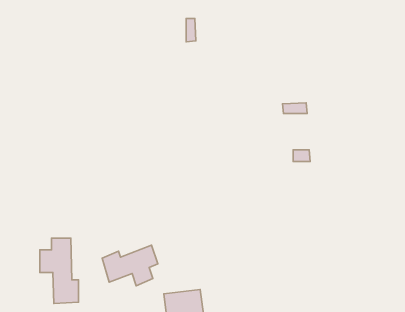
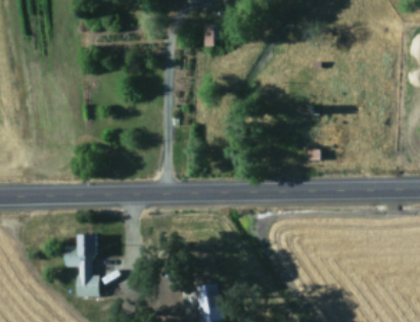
building: [102,245,158,286] -> none

